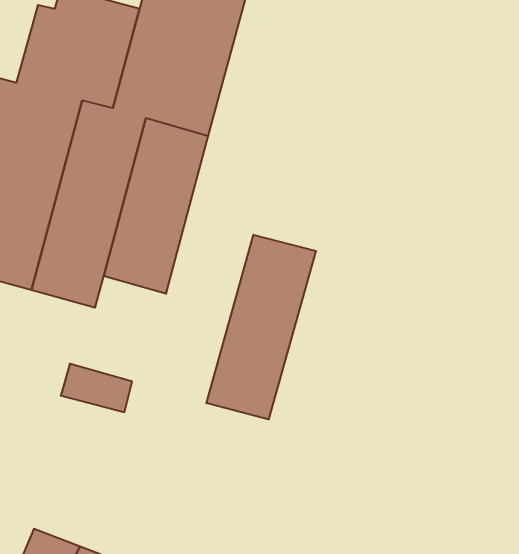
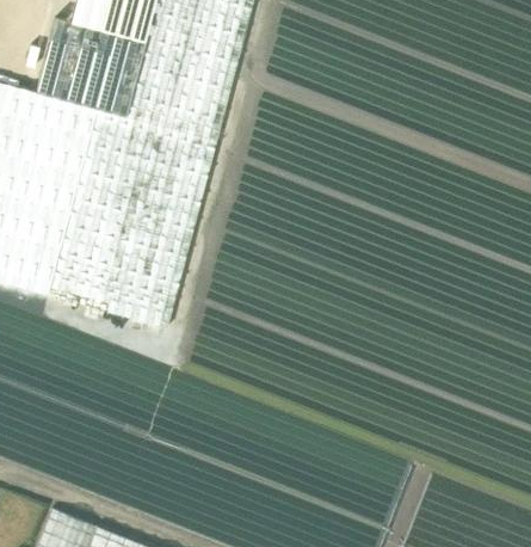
building: [206,235,316,419] -> none
building: [61,364,132,412] -> [107,275,174,320]

